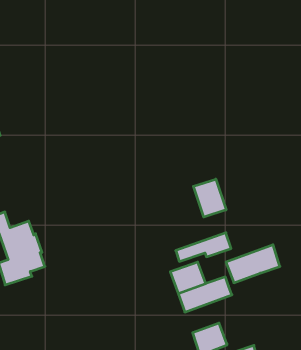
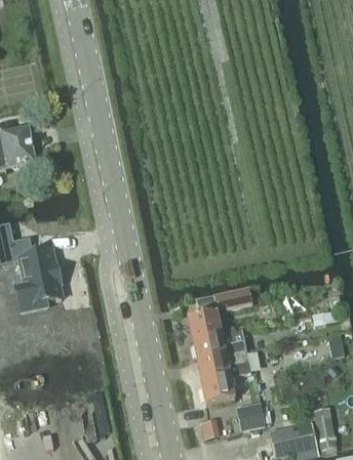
building: [193,179,226,217] -> none
building: [226,245,280,283] -> [196,349,249,382]

